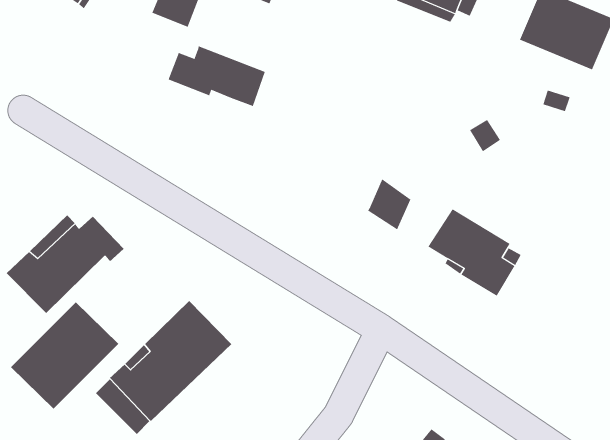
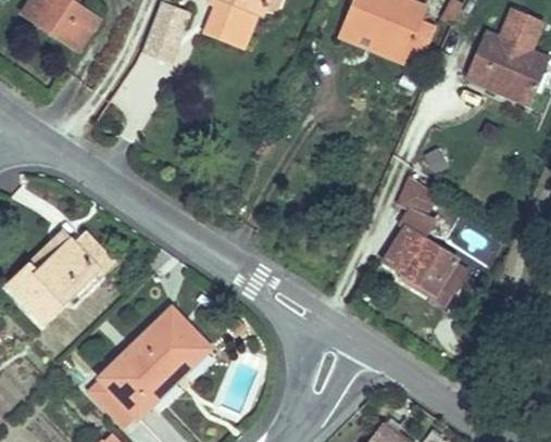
building: [168,46,265,107] -> none
building: [367,179,411,230] -> [395,175,434,220]
building: [10,301,119,409] -> none

